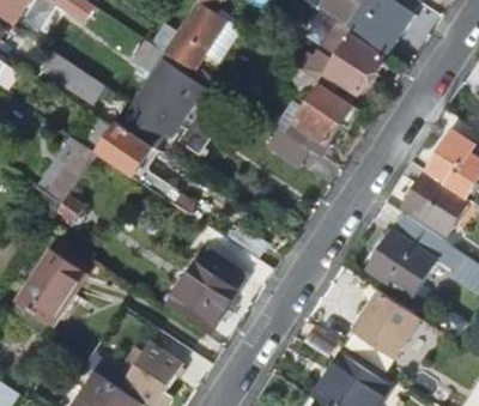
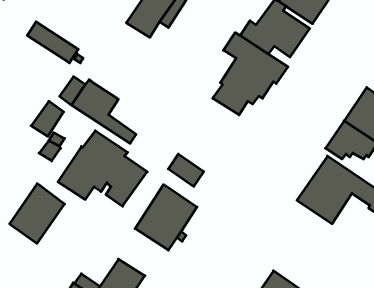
building: [120,62,229,154] -> [58,131,147,206]
building: [342,291,419,369] -> none

